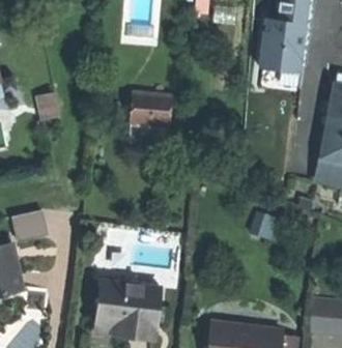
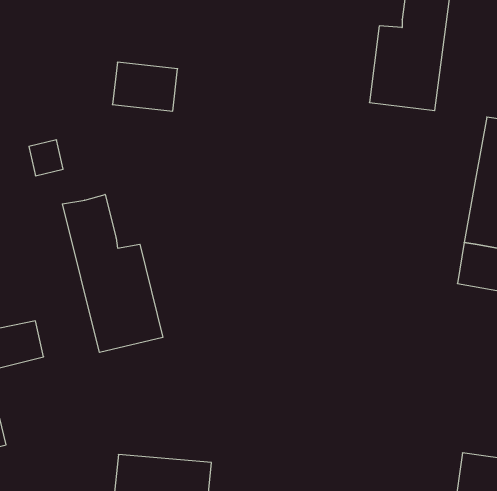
building: [127,97,169,128] -> [112,62,178,111]
building: none -> [62,194,163,352]

